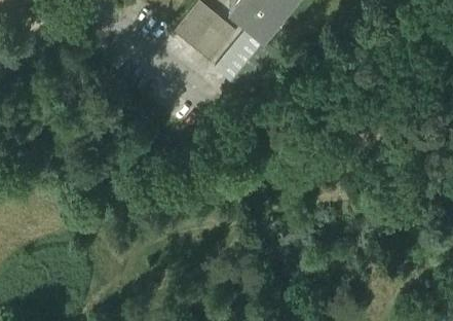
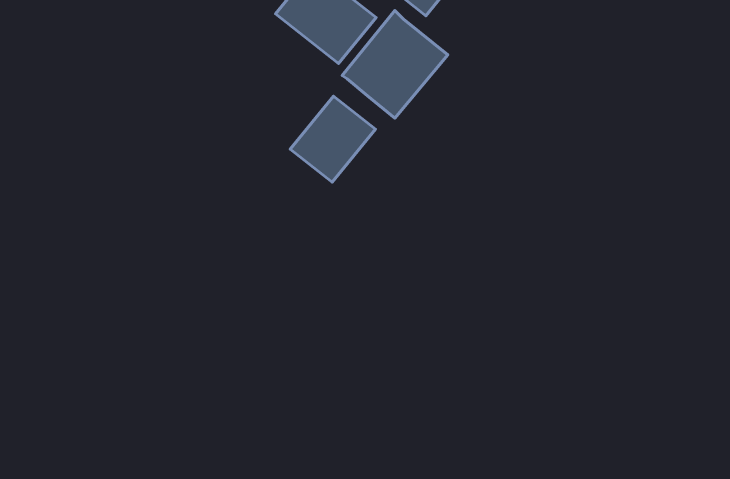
building: none -> [290,96,375,182]

